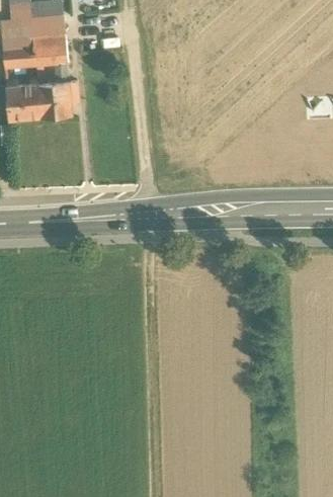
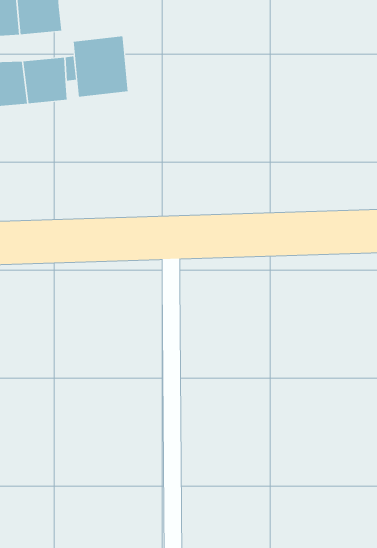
building: none -> [73,36,128,97]

